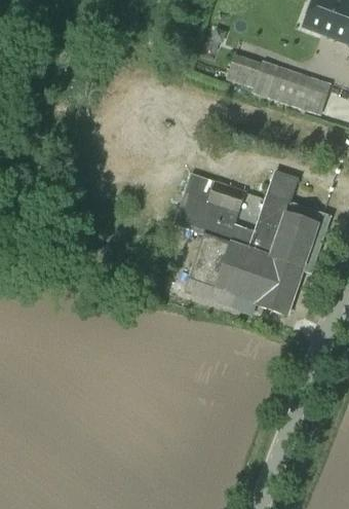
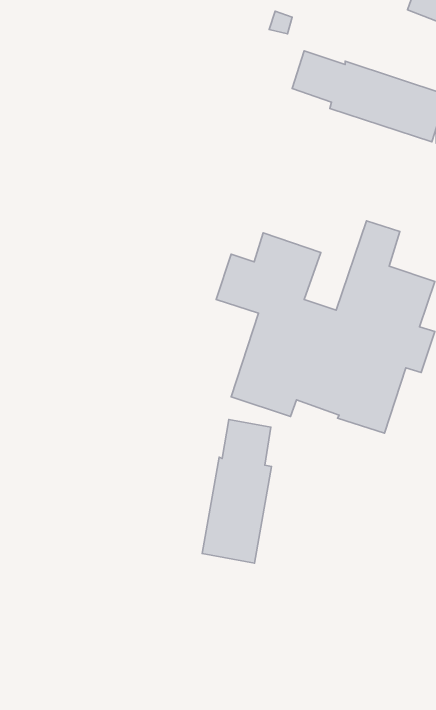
building: none -> [202,420,271,563]

